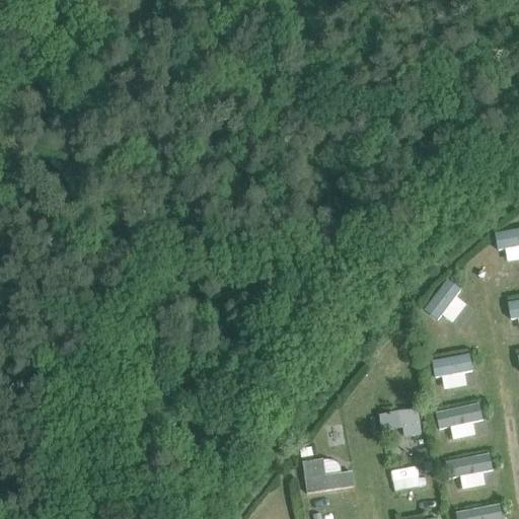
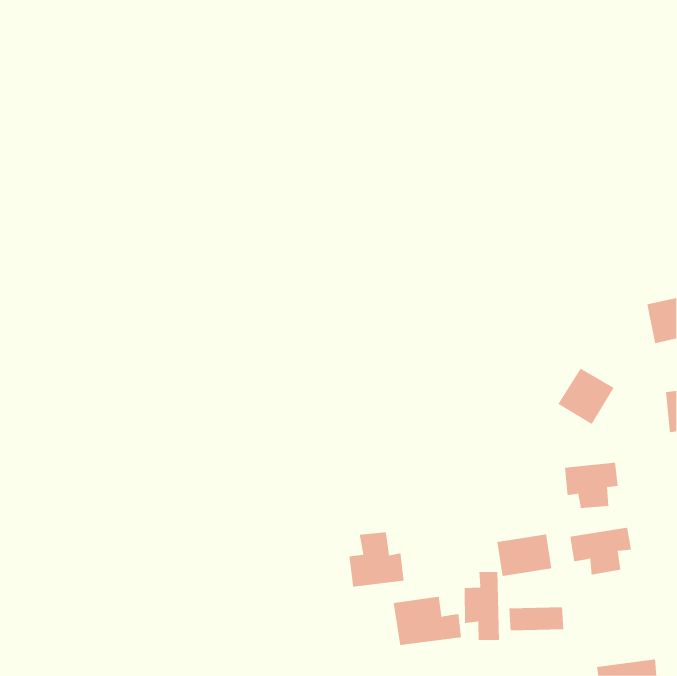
building: none -> [349,531,404,588]
building: none -> [464,571,500,641]
building: [449,453,493,488] -> none

